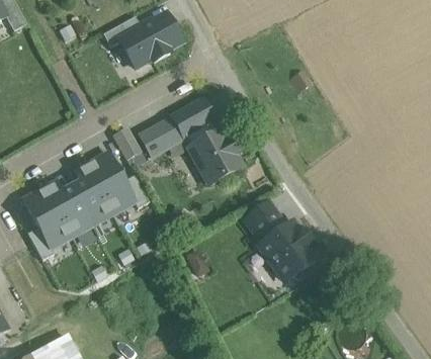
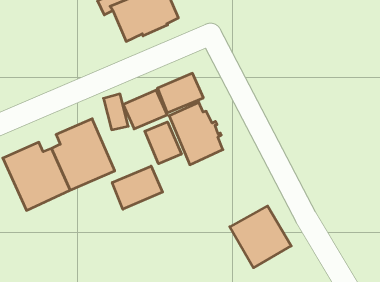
building: none -> [145,122,181,164]
building: none -> [112,166,163,209]
building: [242,199,285,242] -> none

